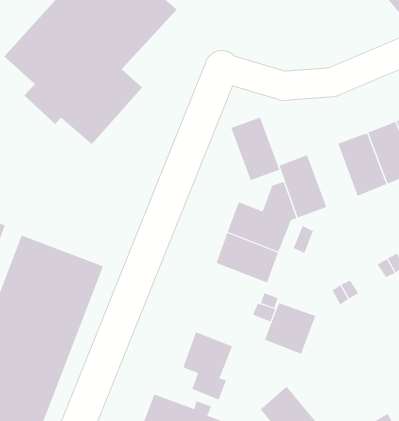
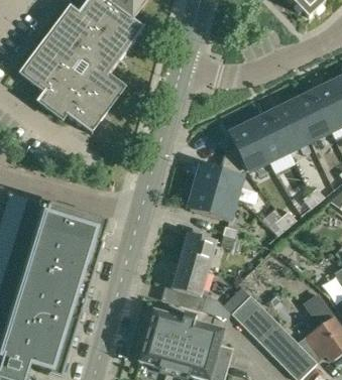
building: [230,117,280,181] -> [248,113,288,160]
building: [264,303,316,354] -> [179,232,215,268]

